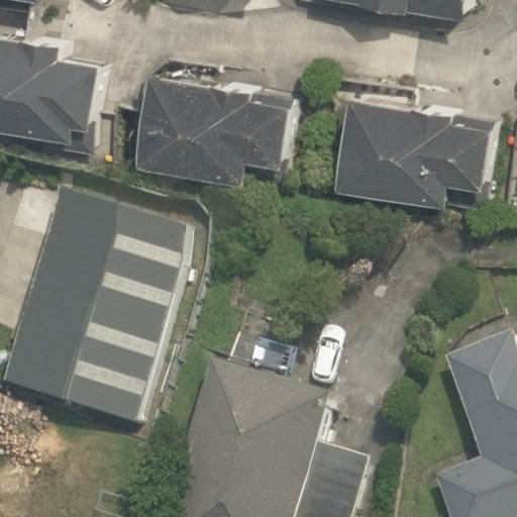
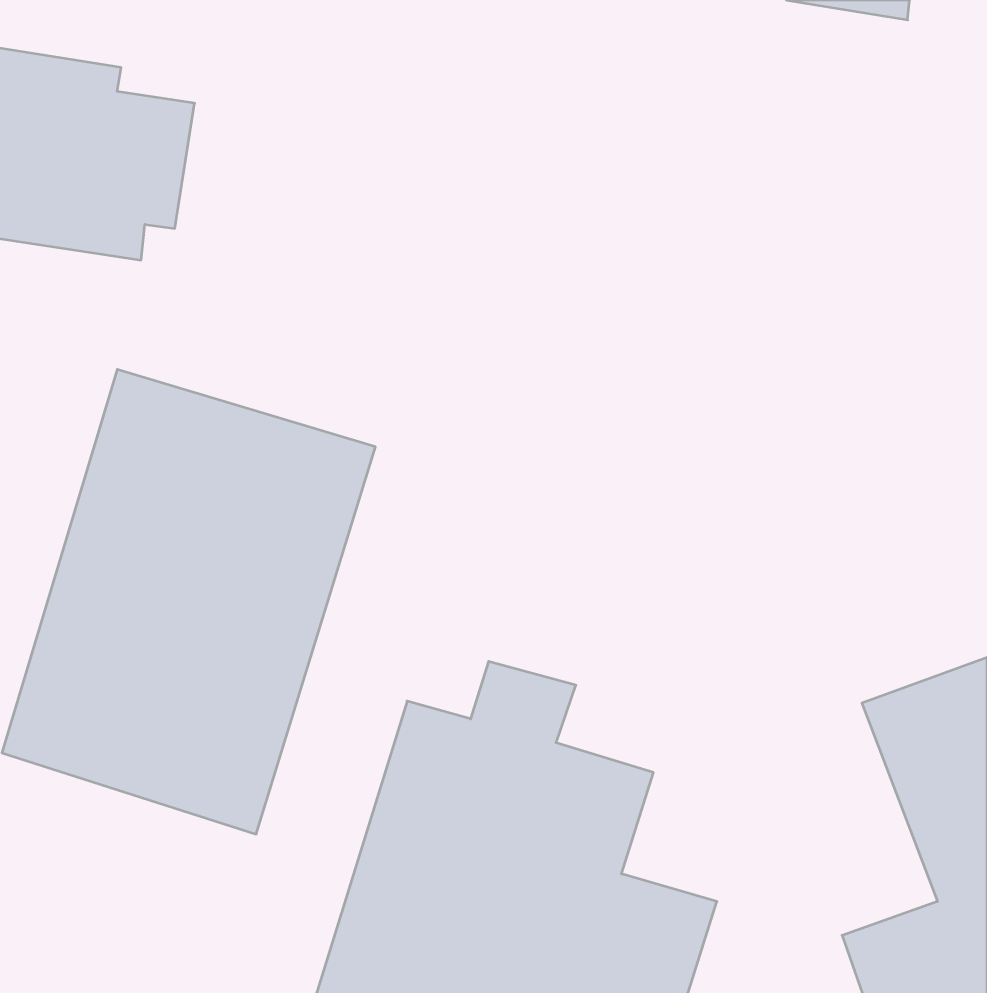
building: [135,76,291,187] -> none
building: [334,98,493,208] -> none

